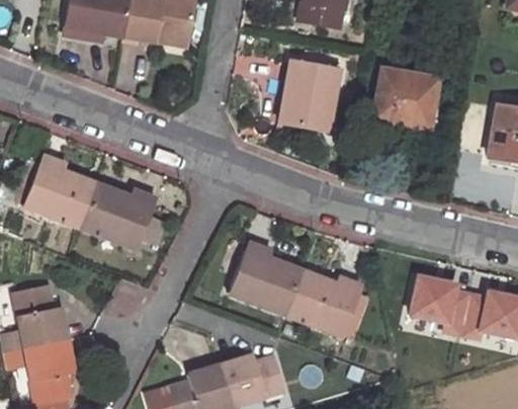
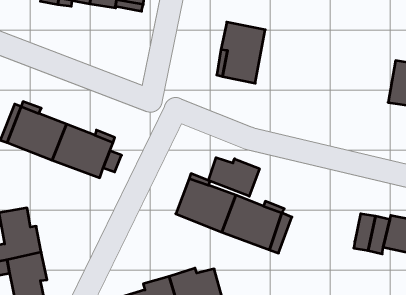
building: [372,71,438,131] -> none
building: none -> [208,158,259,196]
building: [410,277,455,325] -> none

